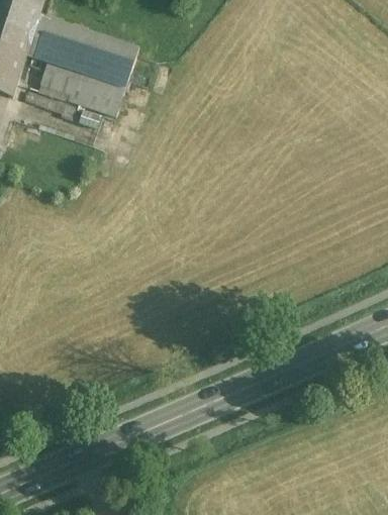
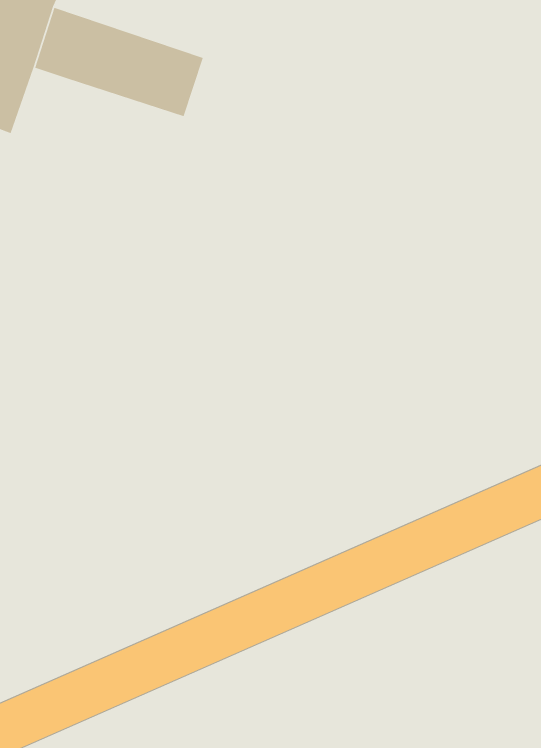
building: [40,62,125,116] -> none

